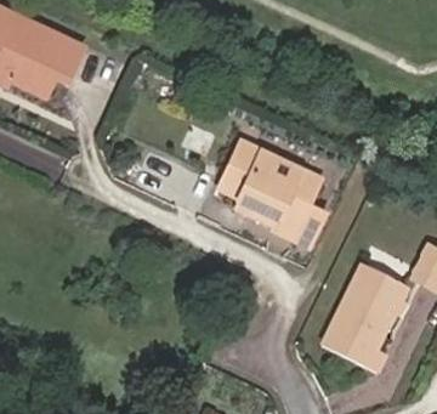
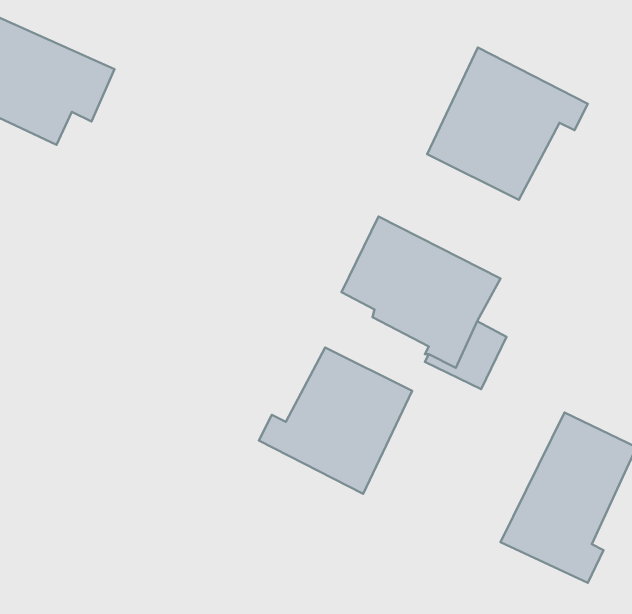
building: none -> [427,47,588,200]
building: none -> [259,347,412,494]

